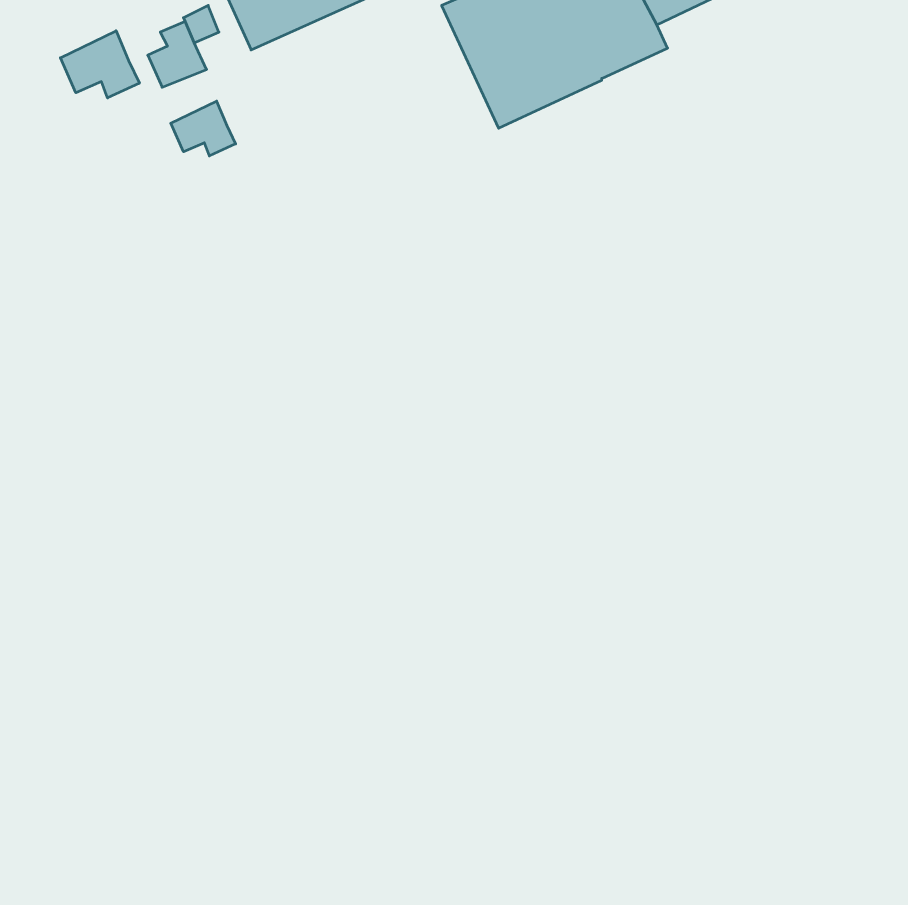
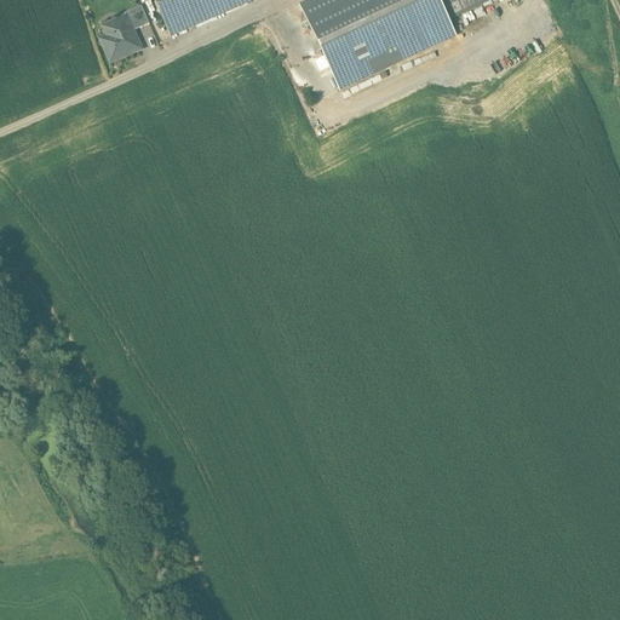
building: [60,31,139,98] -> none
building: [171,101,236,156] -> none

